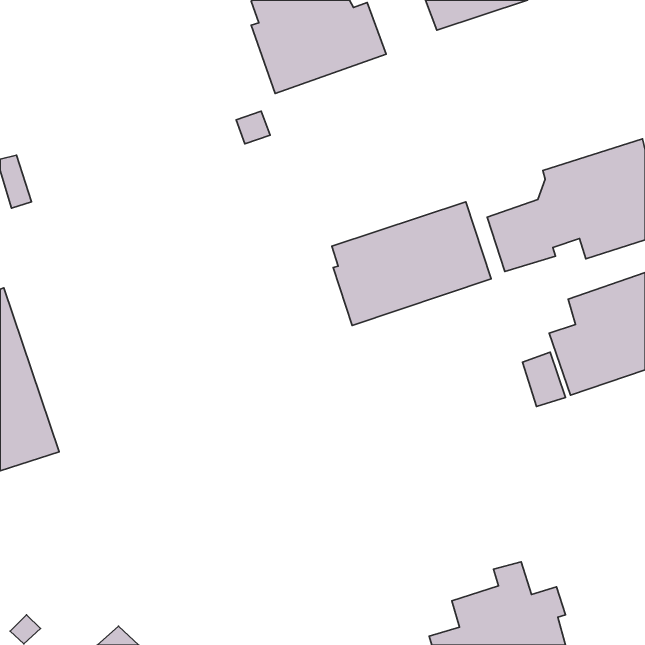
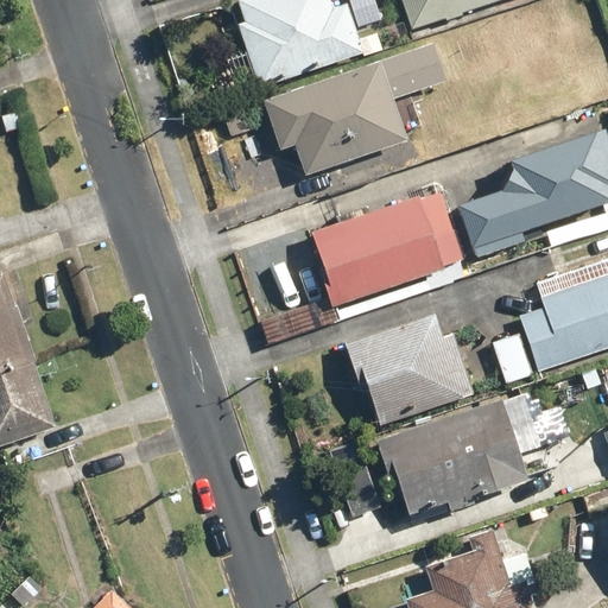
building: none -> [262,42,446,176]
building: none -> [344,314,474,425]
building: none -> [375,395,530,514]

